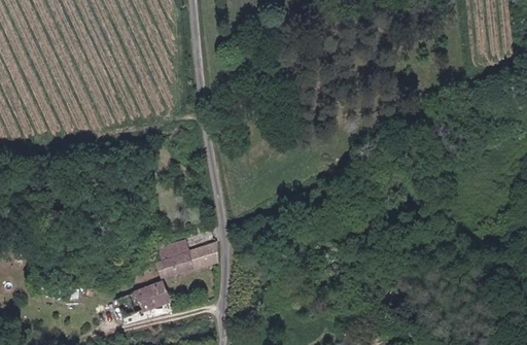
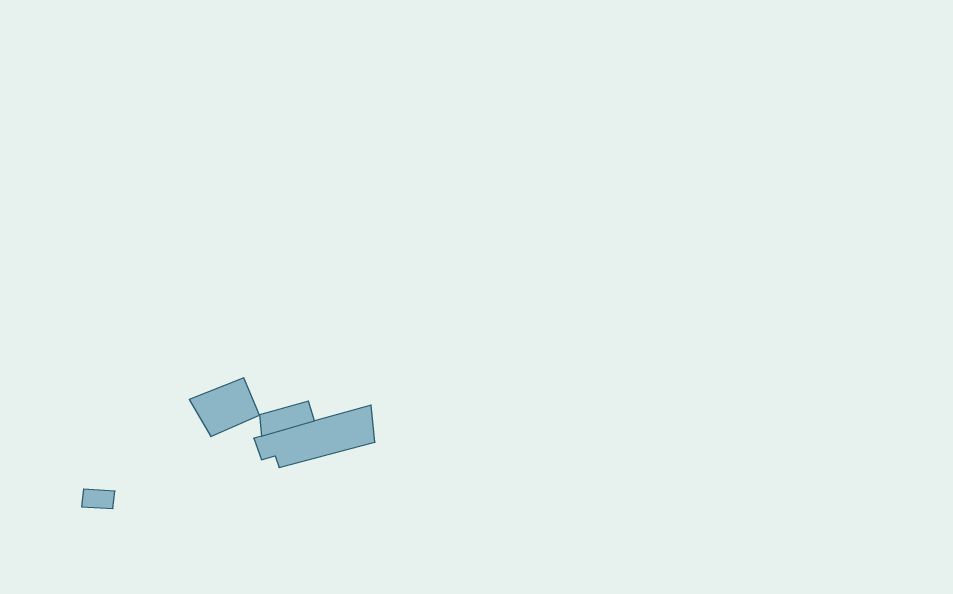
building: [133,281,170,312] -> [189,378,260,437]

